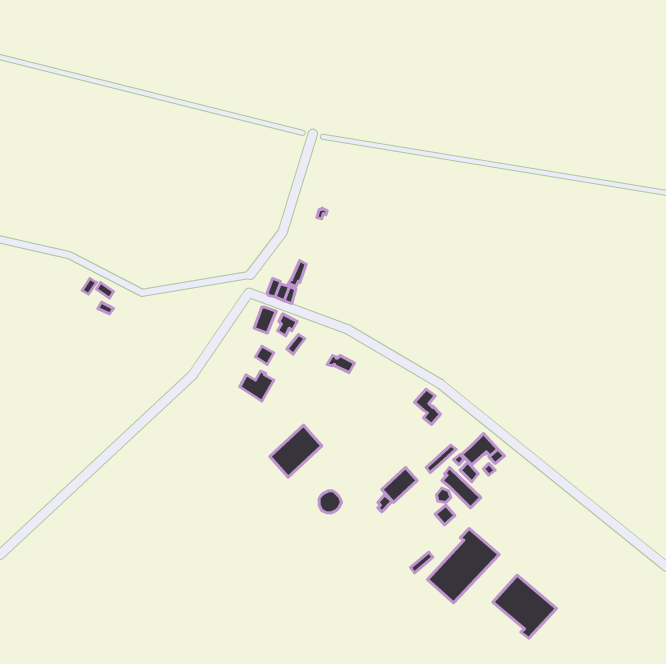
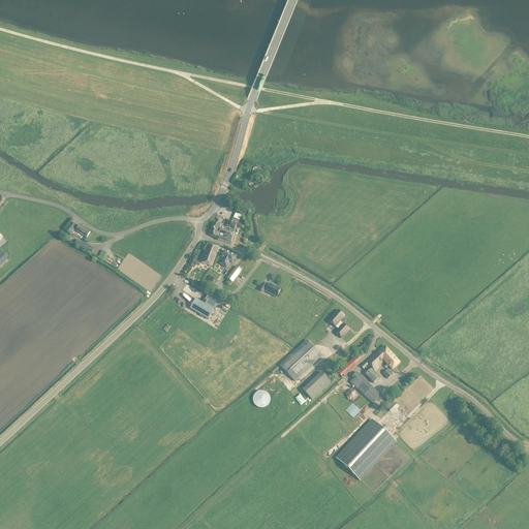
building: [270,425,322,477] -> [280,339,321,380]
building: [493,575,556,638] -> none

